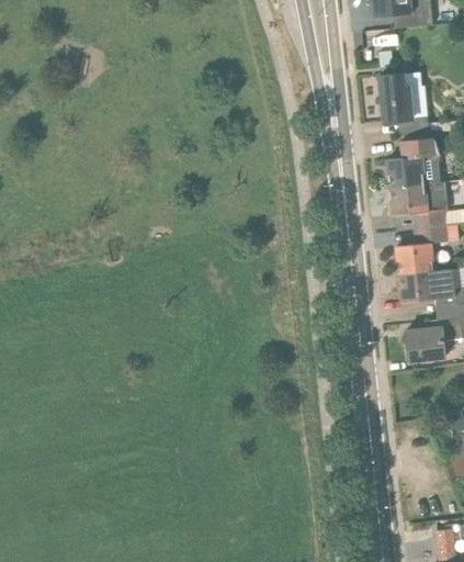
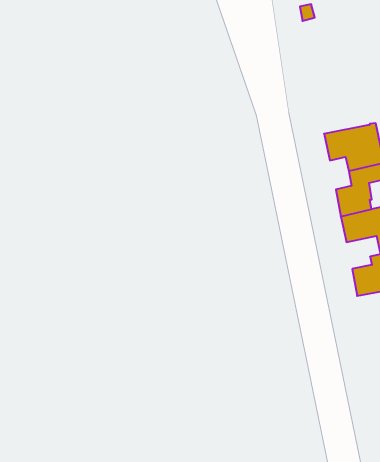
building: [380,74,431,133] -> none
building: [387,137,440,187] -> none

